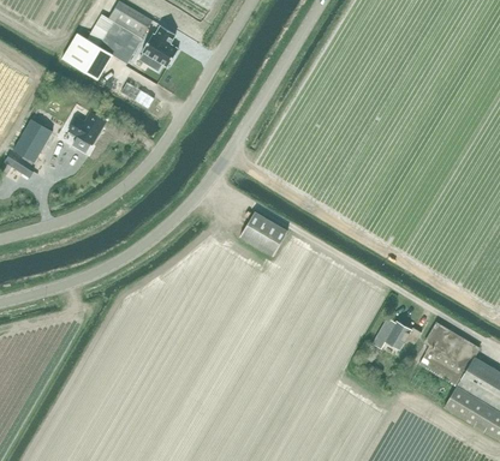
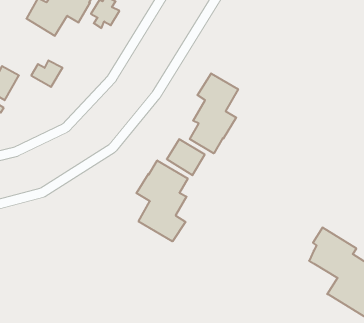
building: none -> [190,73,238,153]
building: none -> [136,160,188,241]
building: [371,318,421,351] -> none

